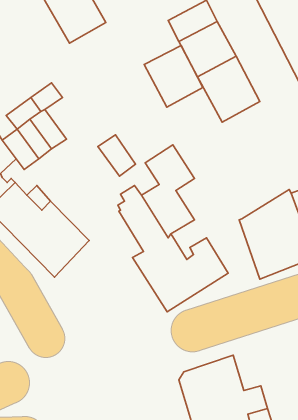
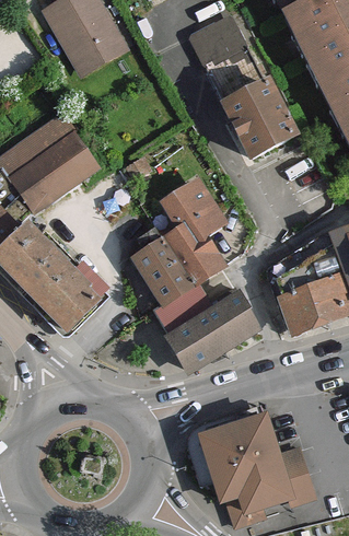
building: [144,46,203,107] -> none
building: [98,135,135,176] -> [56,132,97,178]

